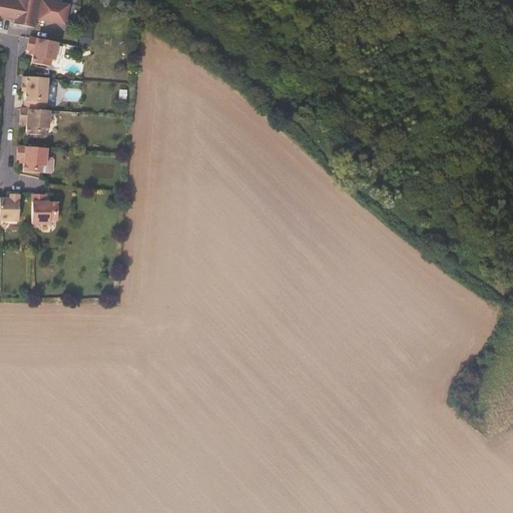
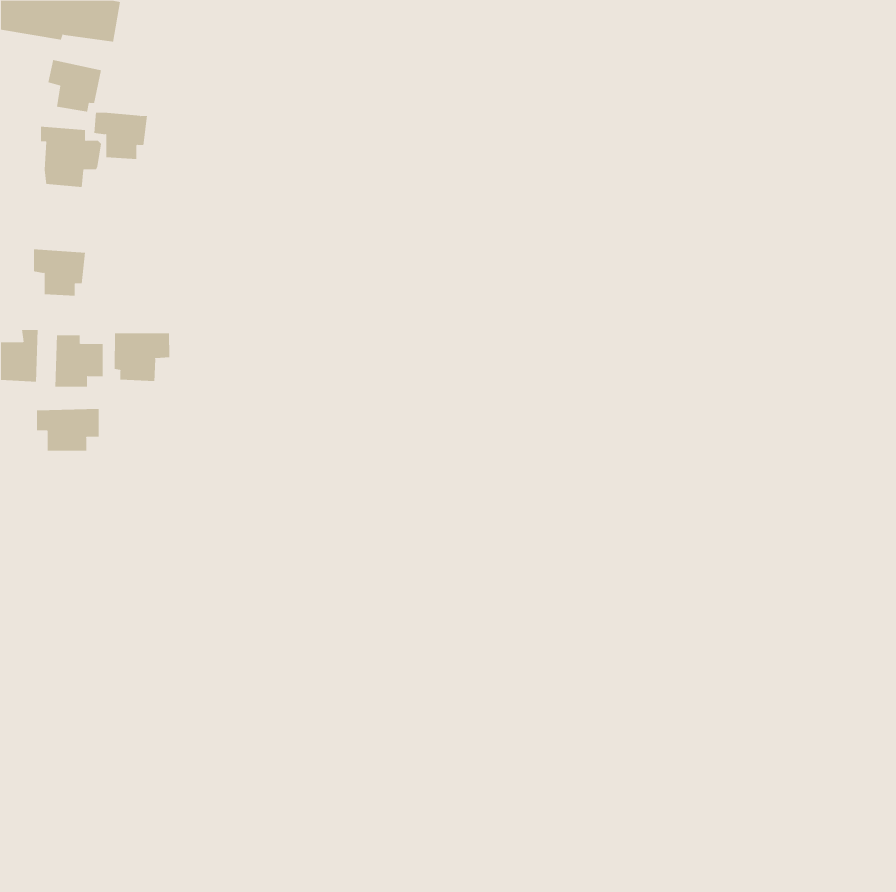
building: [20,107,51,134] -> [93,112,148,159]
building: none -> [114,332,170,382]
building: none -> [37,408,99,451]

